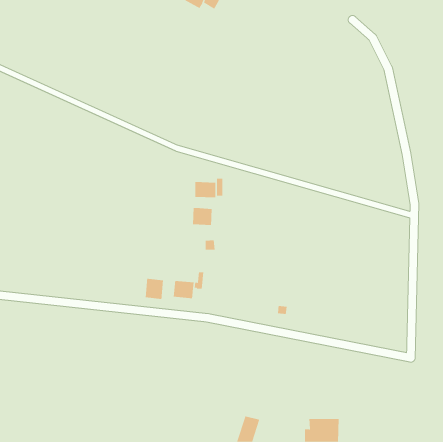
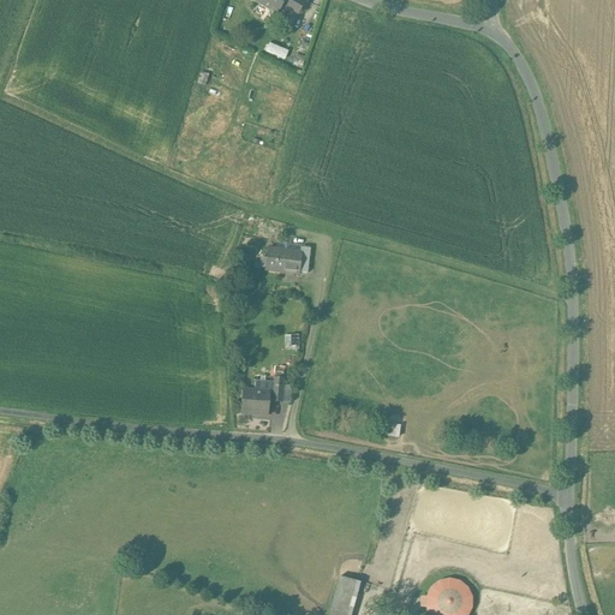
building: [193,207,212,226] -> none
building: [145,278,164,300] -> none

